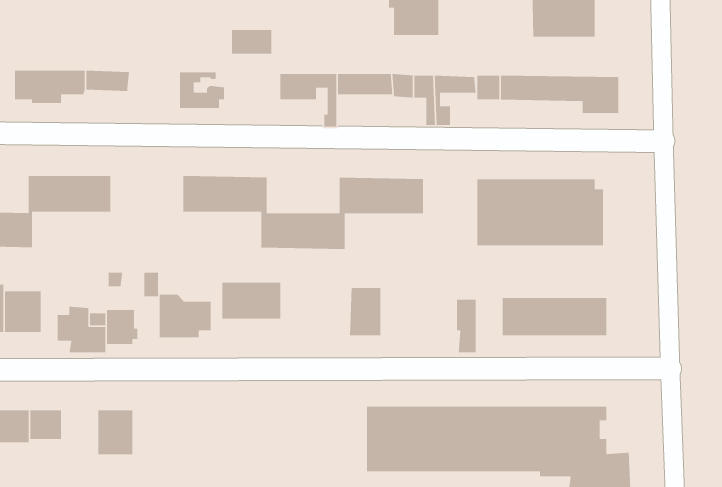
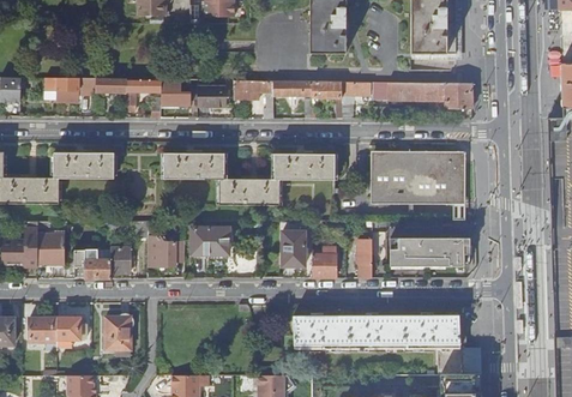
building: [231,29,272,55] -> [198,86,227,104]
building: none -> [126,78,162,110]
building: none -> [312,247,336,277]

